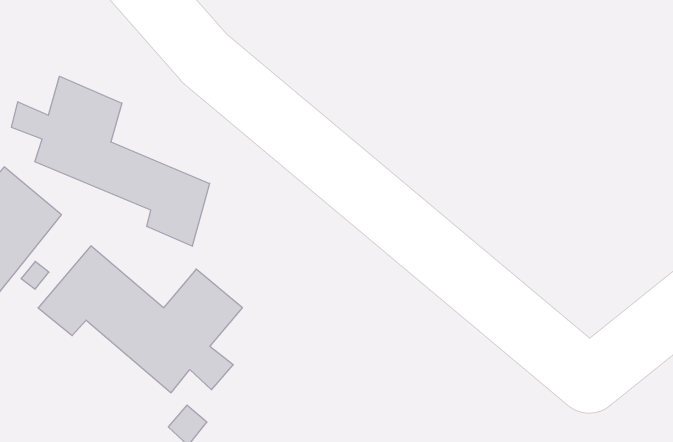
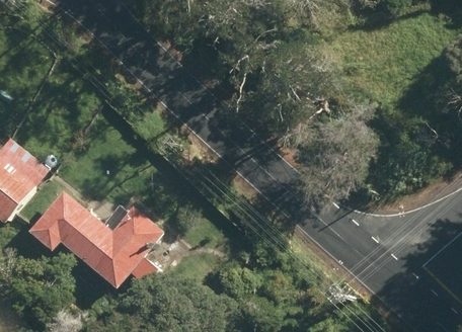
building: [11,76,210,246] -> none

